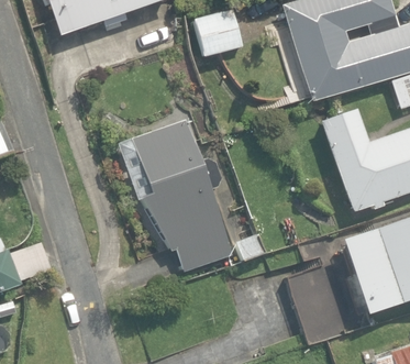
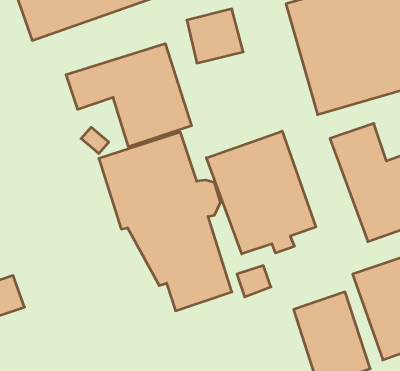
building: none -> [66,44,192,147]
building: none -> [206,131,316,254]

